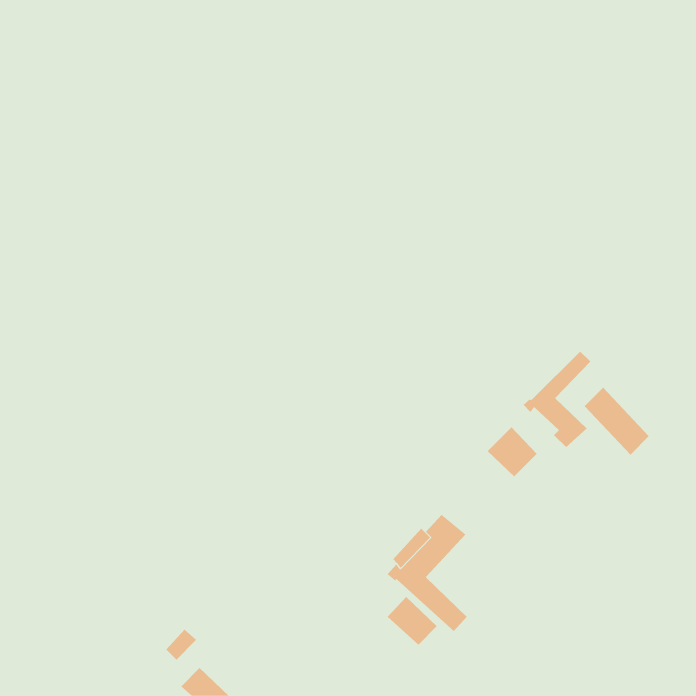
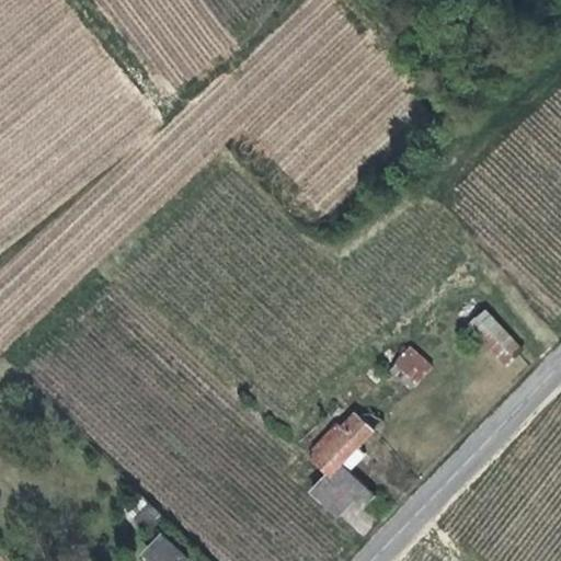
building: [523,351,591,448] -> none

